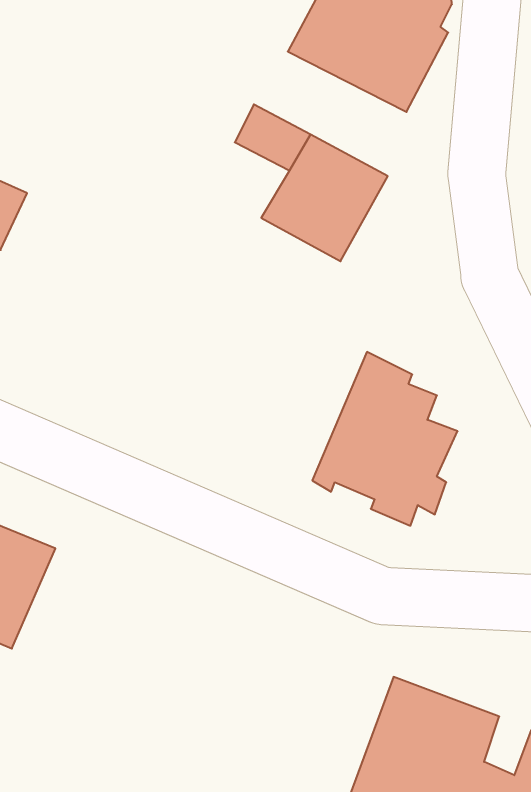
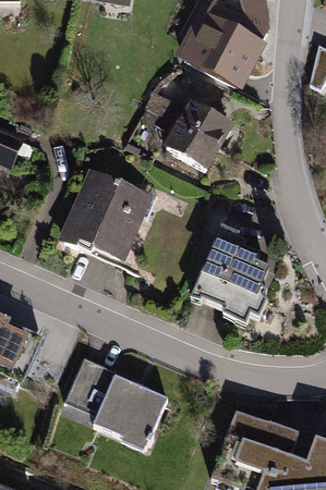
building: none -> [56,164,153,258]
building: none -> [65,363,168,451]

